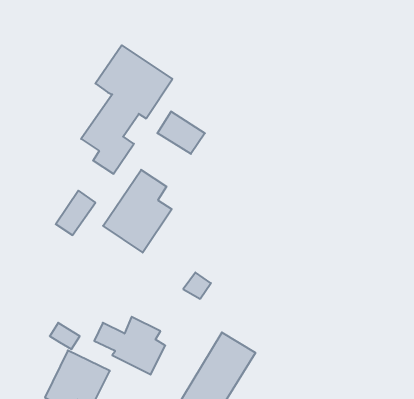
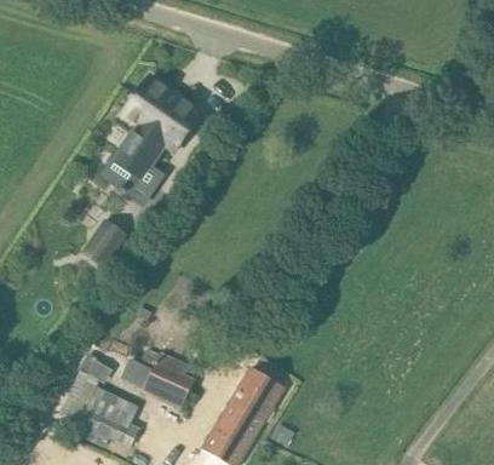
building: [157,111,205,154] -> none
building: [103,170,172,253] -> none

